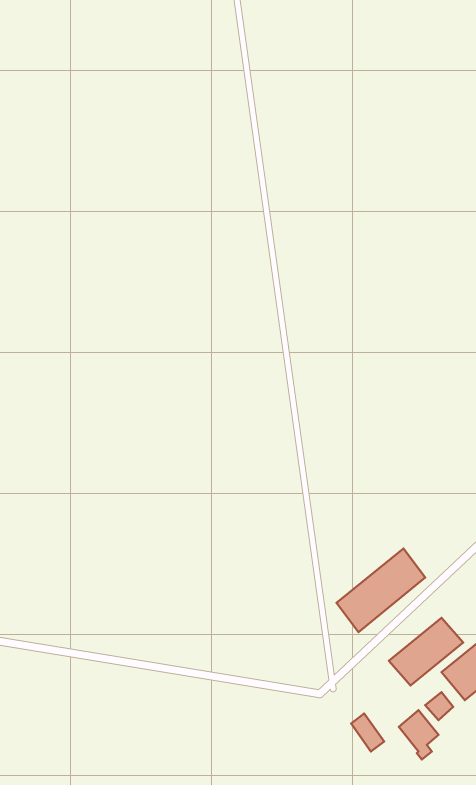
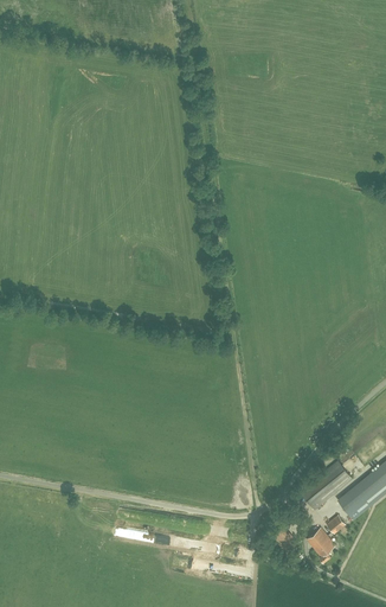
building: [336,549,425,632] -> none

